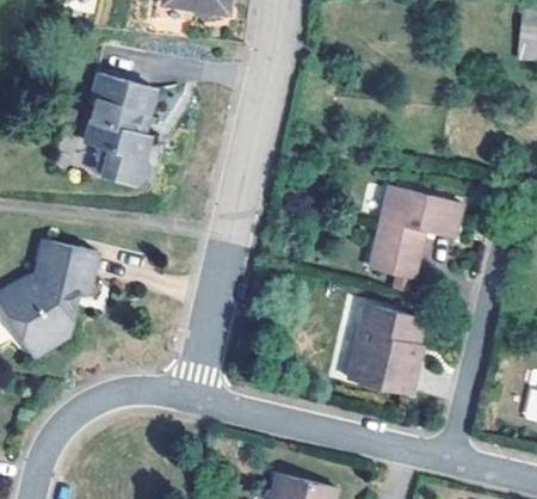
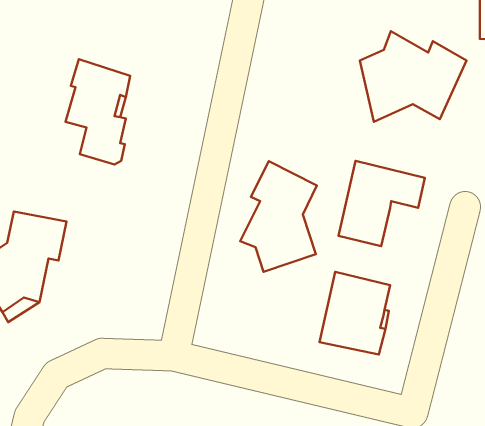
building: none -> [360,31,466,122]
building: none -> [240,161,317,272]

